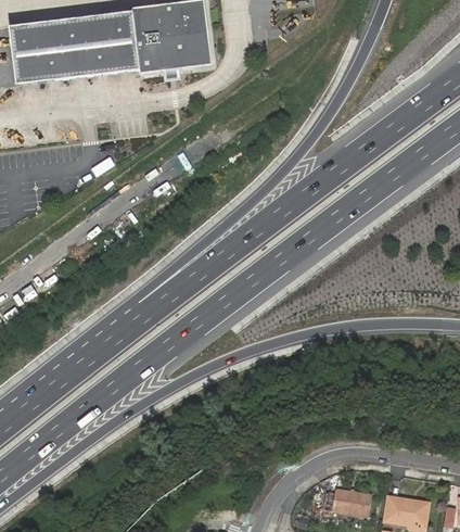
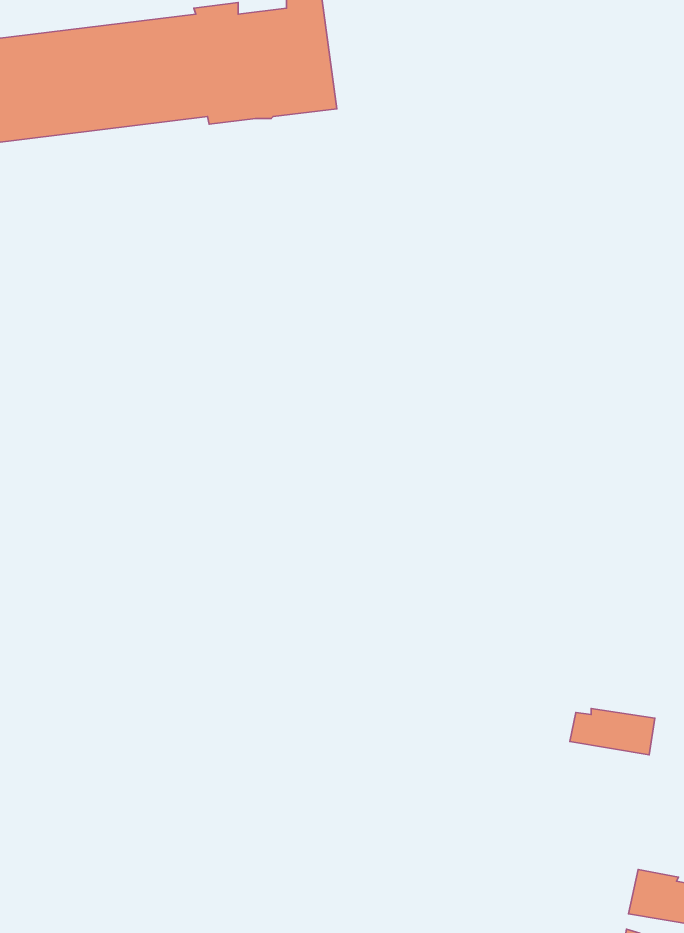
building: [322,484,370,510] -> [570,709,655,755]

